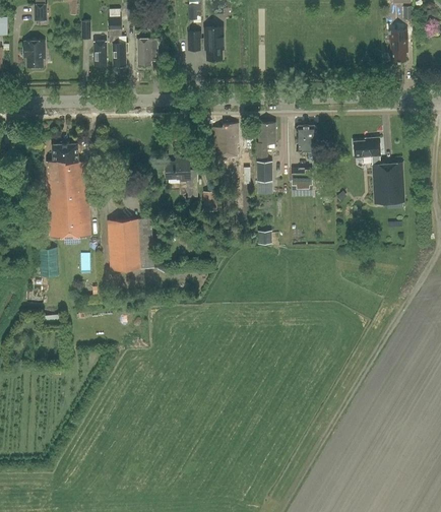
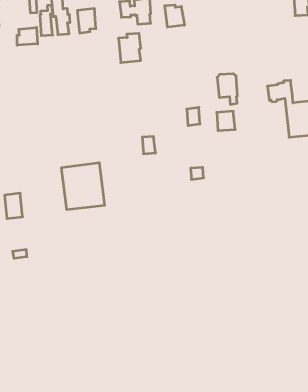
building: none -> [165,5,184,27]
building: none -> [17,27,38,45]
building: [212,123,238,155] -> [118,33,141,63]
building: [256,123,275,157] -> none
building: [46,143,90,239] -> none
building: [165,158,197,197] -> none

